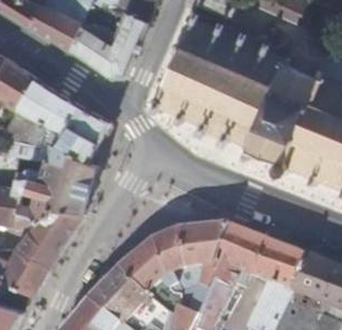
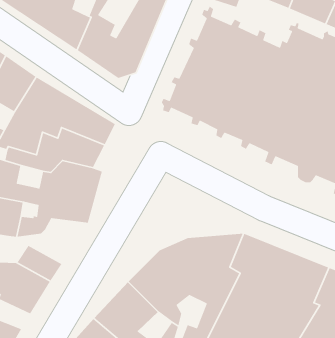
building: [27,208,83,250] -> none

